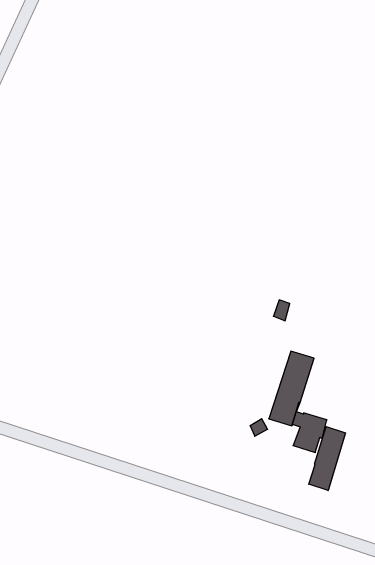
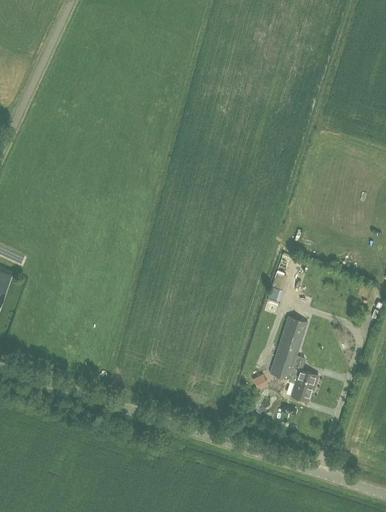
building: [309,427,345,491] -> none

